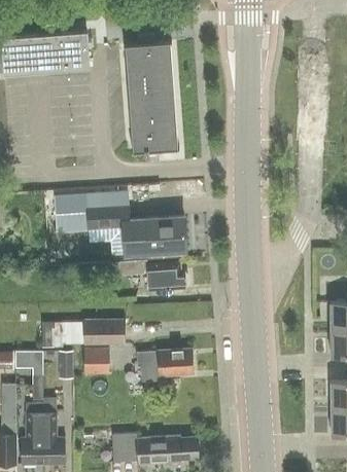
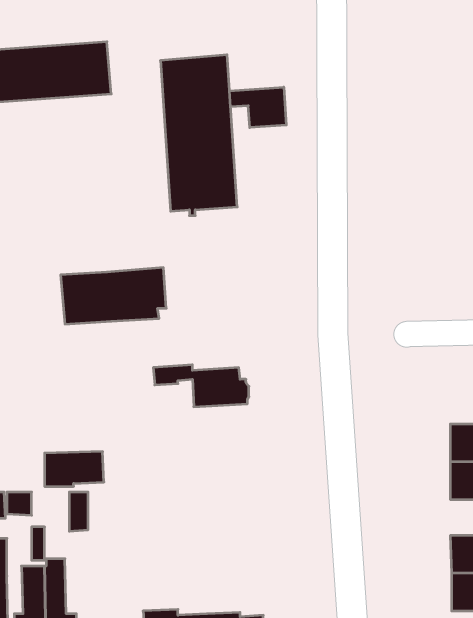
building: none -> [230,87,286,128]
building: [122,216,185,254] -> none
building: [82,319,125,343] -> none
building: [84,348,108,373] -> none
building: [136,349,193,380] -> none

